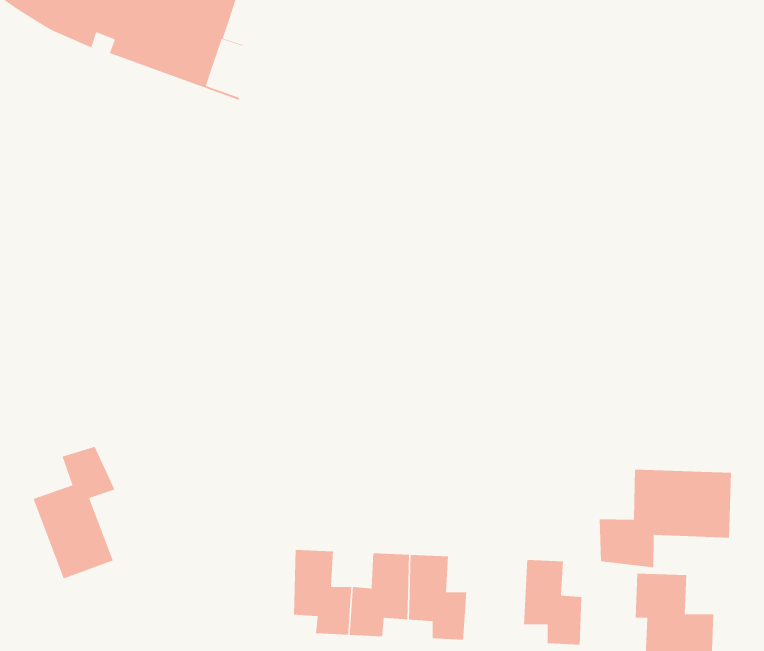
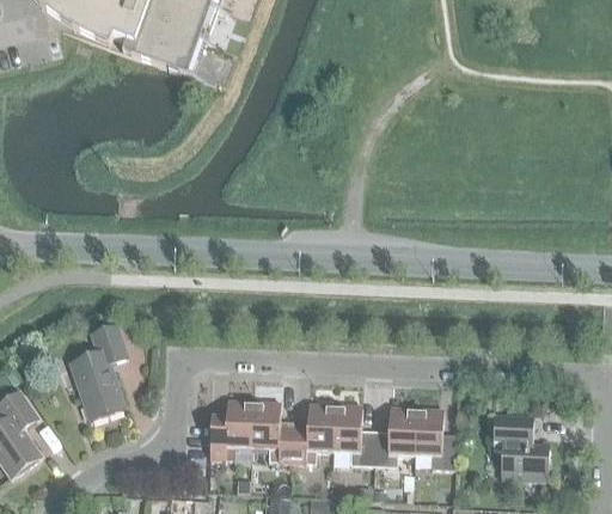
building: [599,469,732,568] -> none
building: none -> [209,399,253,459]
building: none -> [373,406,417,466]

